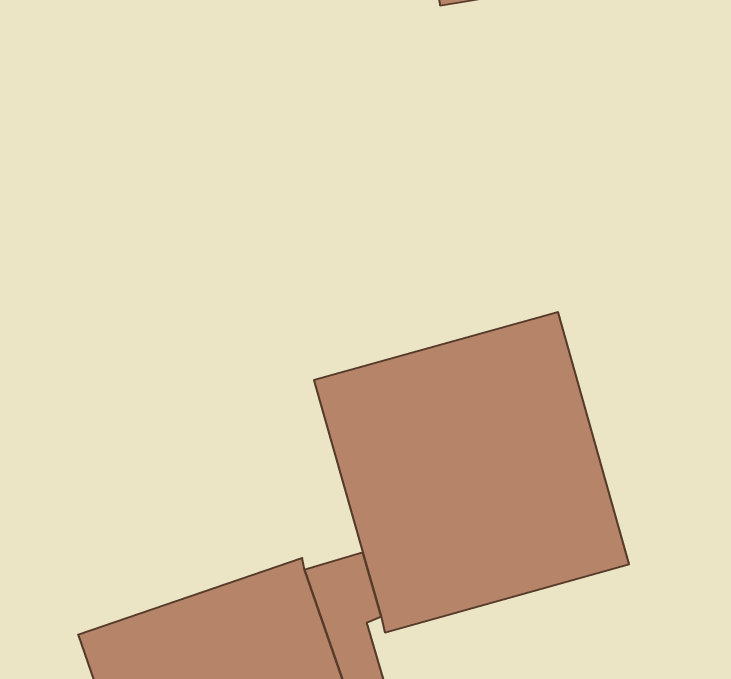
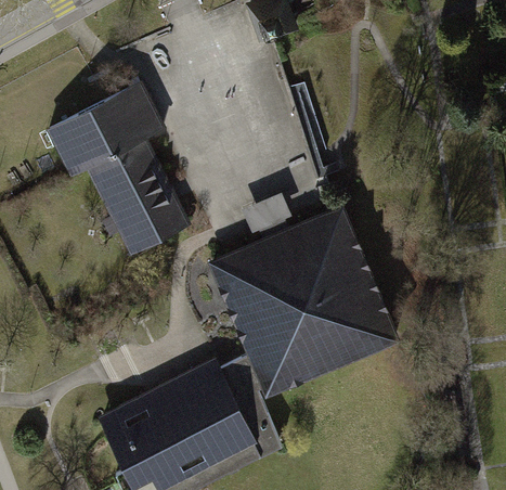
building: none -> [41,79,185,252]

